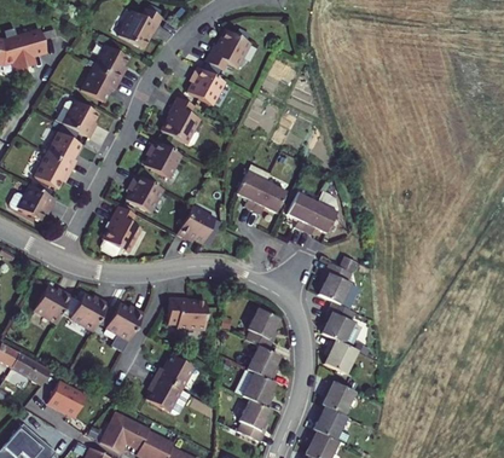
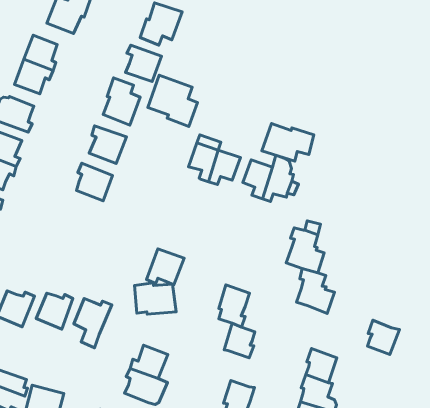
building: none -> [148,75,198,127]
building: none -> [262,124,314,161]
building: [100,205,139,256] -> none
building: [175,208,214,244] -> [146,249,184,285]
building: [324,338,357,373] -> [367,320,399,355]
building: [238,371,274,408] -> none

